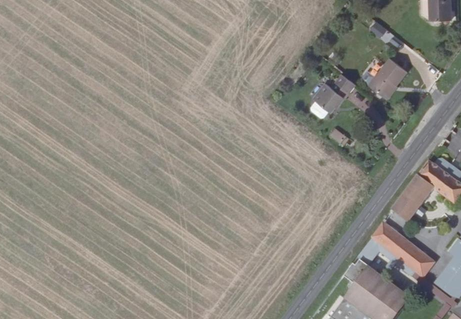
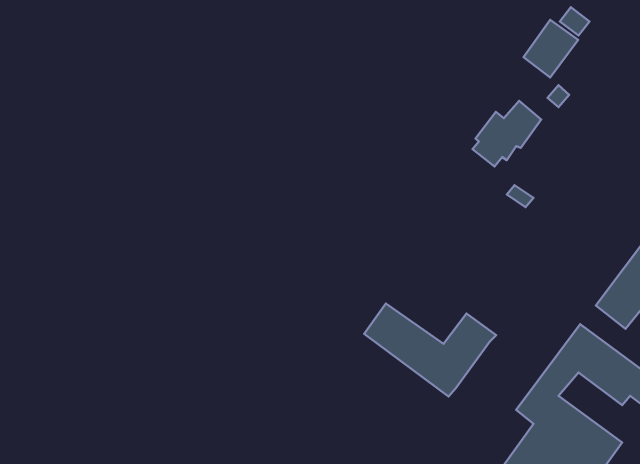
building: [374,58,409,95] -> [523,20,578,77]
building: none -> [364,304,496,397]

